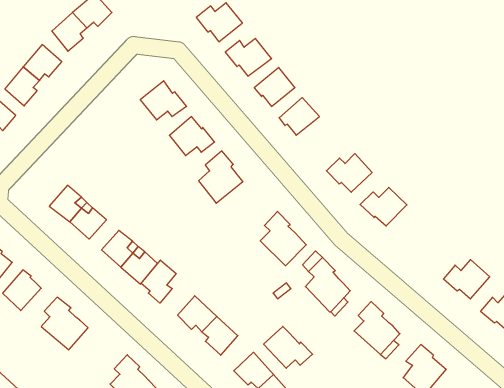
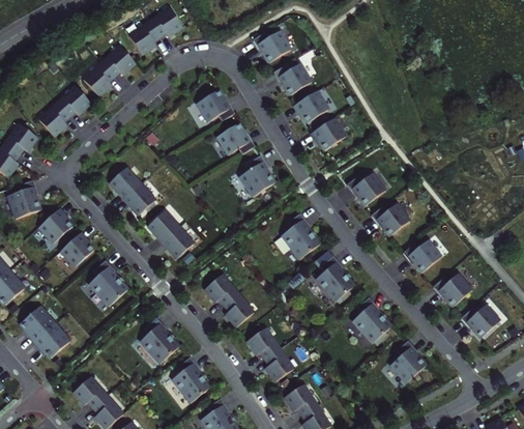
building: none -> [403,239,441,271]
building: [141,260,176,303] -> none
building: [264,326,313,368] -> none

